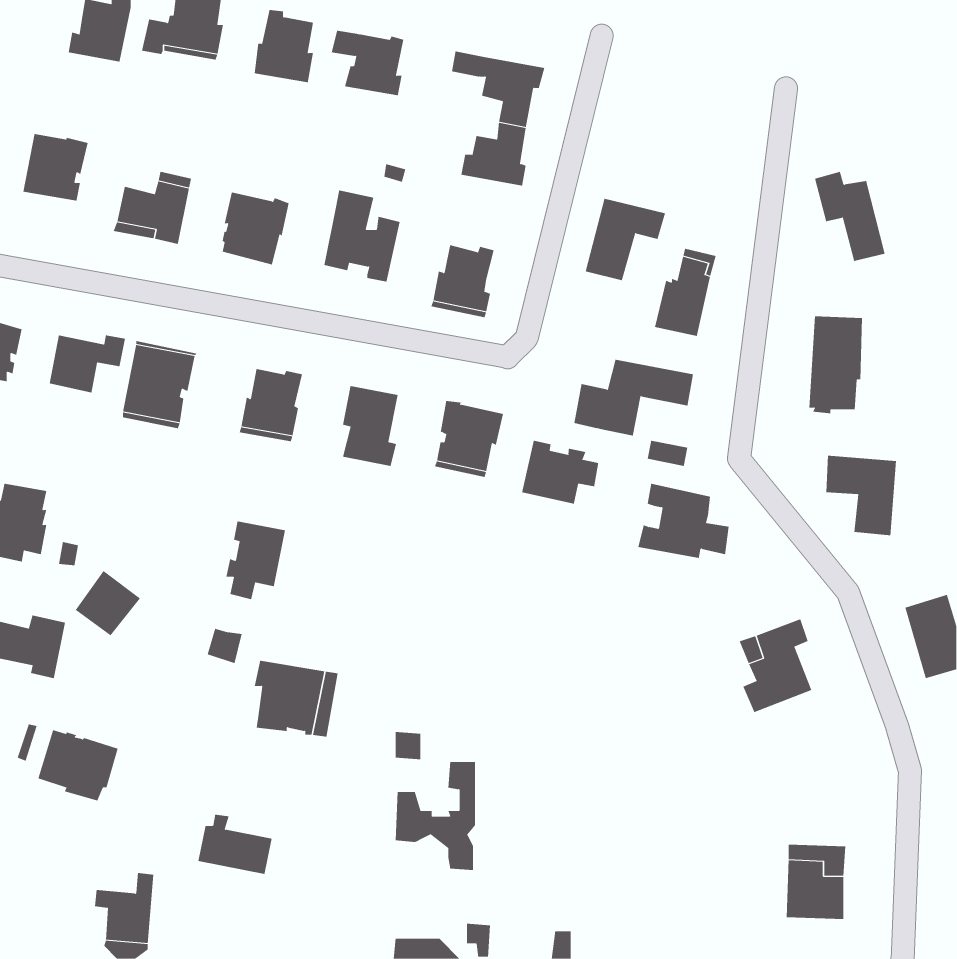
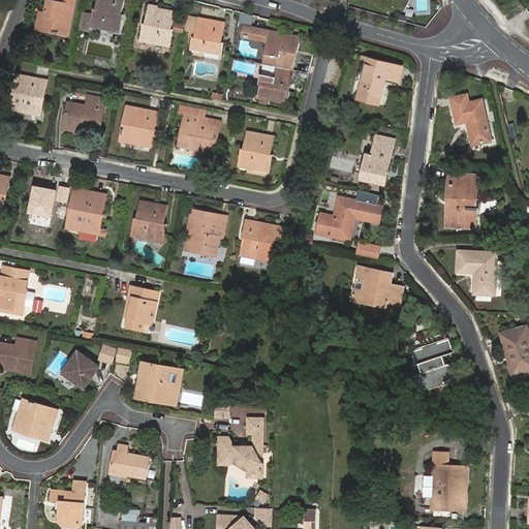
building: [585,198,666,281] -> [356,59,401,104]
building: [521,440,599,505] -> none
building: [75,570,141,636] -> [64,351,100,387]

